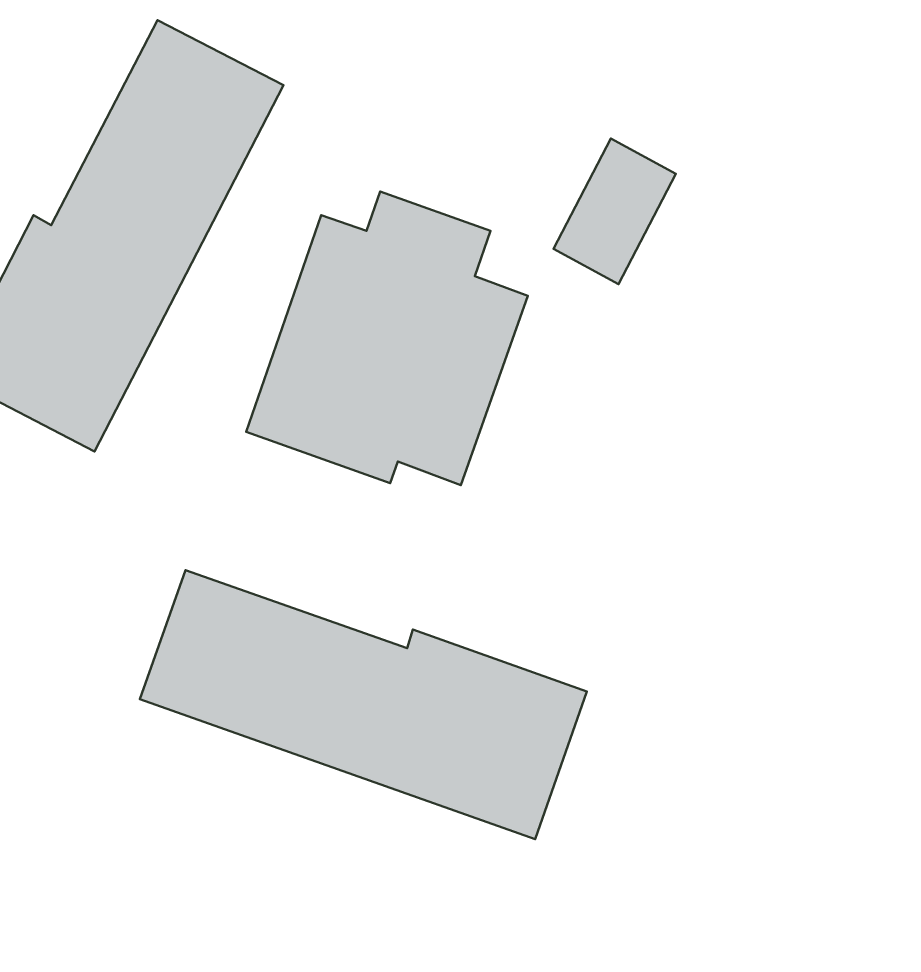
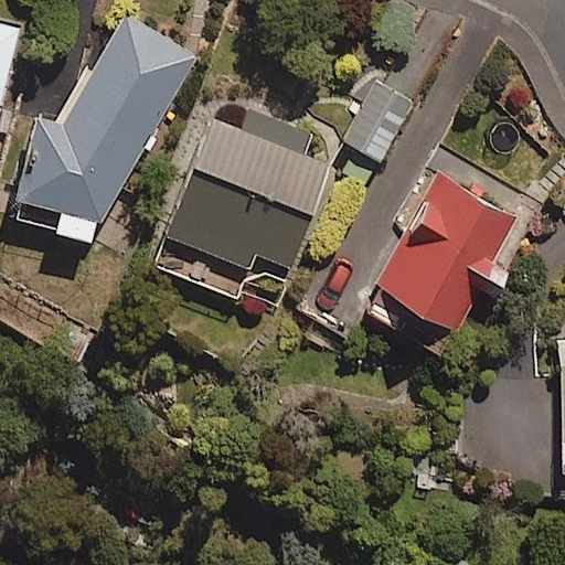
building: none -> [362,181,511,338]
building: [140,570,587,839] -> none

